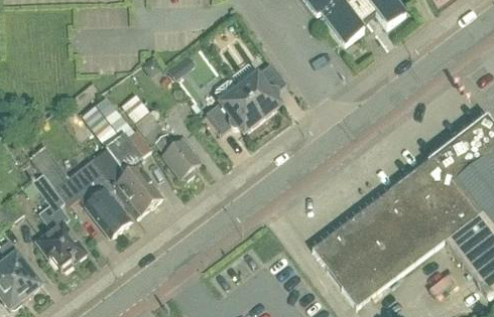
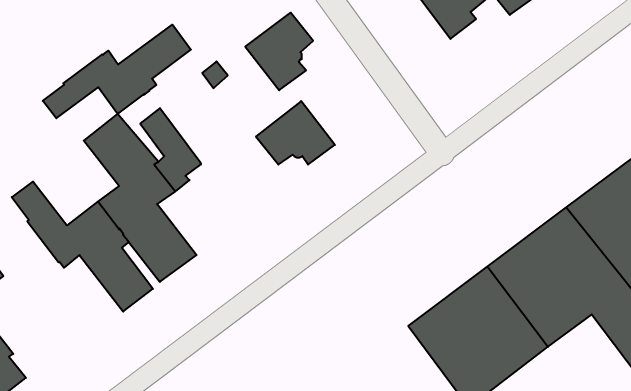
building: none -> [43,25,191,118]
building: [237,63,285,119] -> [245,13,313,90]
building: [154,133,200,179] -> none
building: [31,173,85,270] -> none

